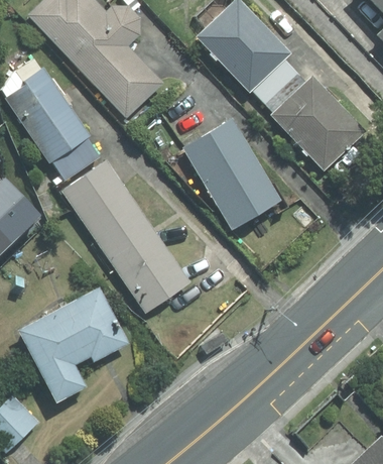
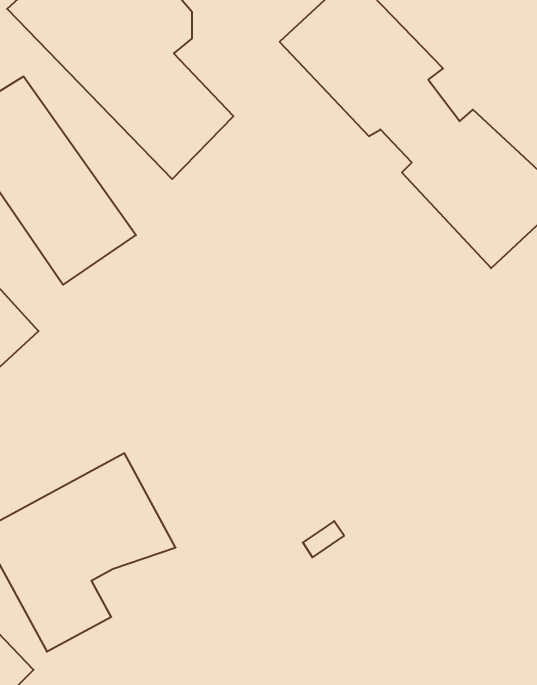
building: [177,121,279,231] -> none
building: [61,158,193,314] -> none

